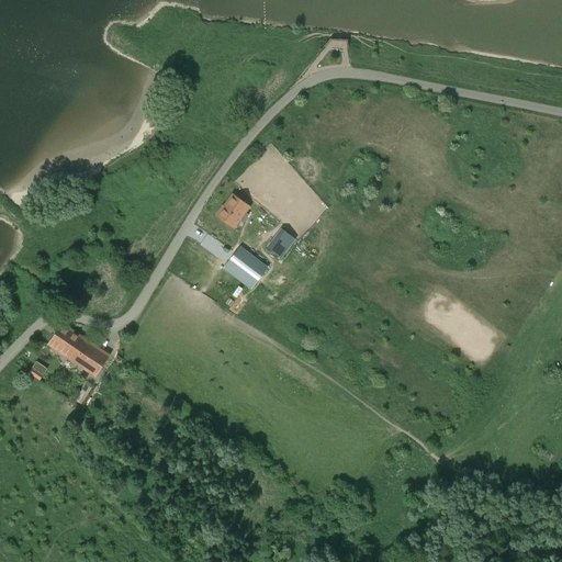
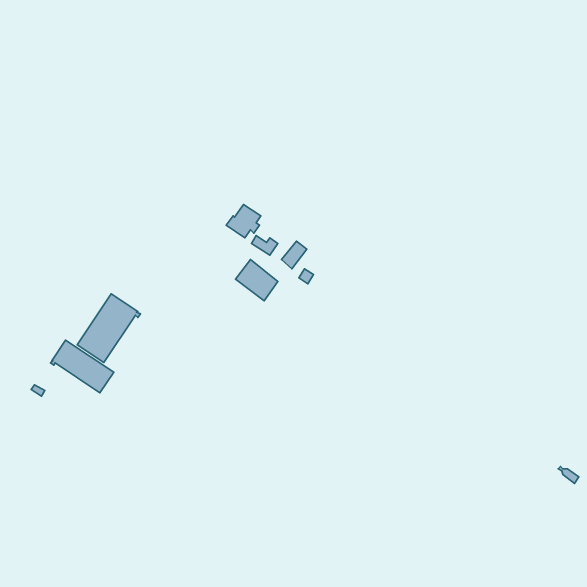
building: none -> [77,294,140,362]

